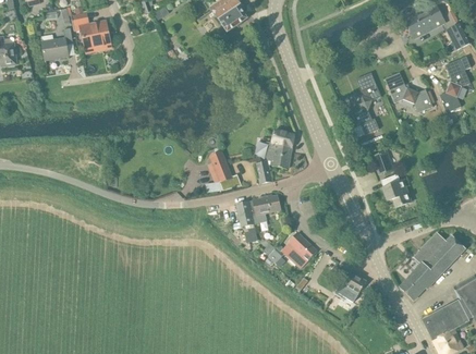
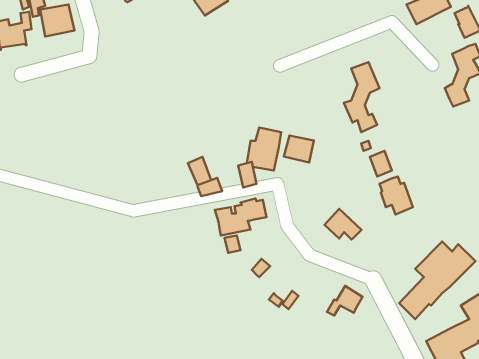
building: [385,72,432,112] -> none
building: none -> [284,136,314,163]
building: [284,232,317,259] -> [324,209,361,240]

